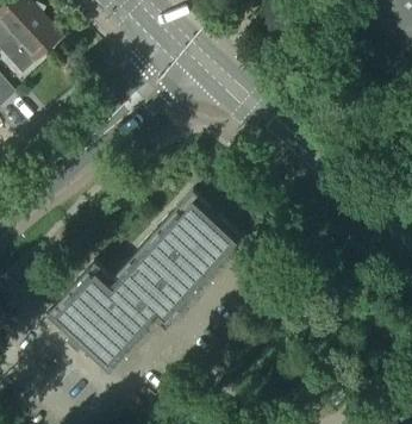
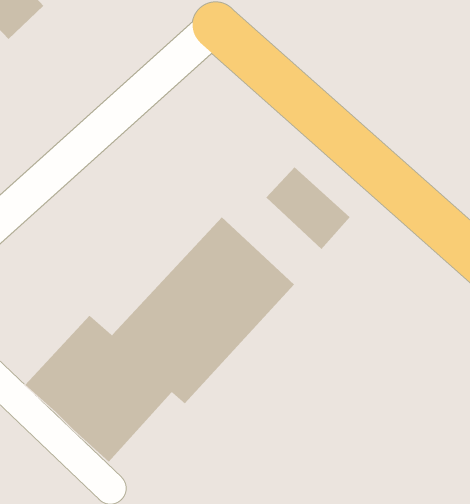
building: none -> [265,166,351,250]

